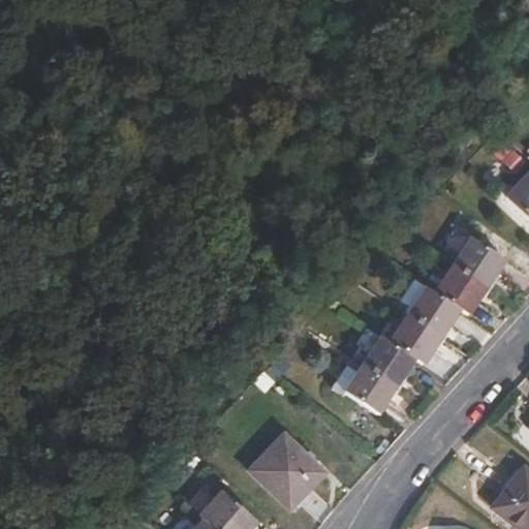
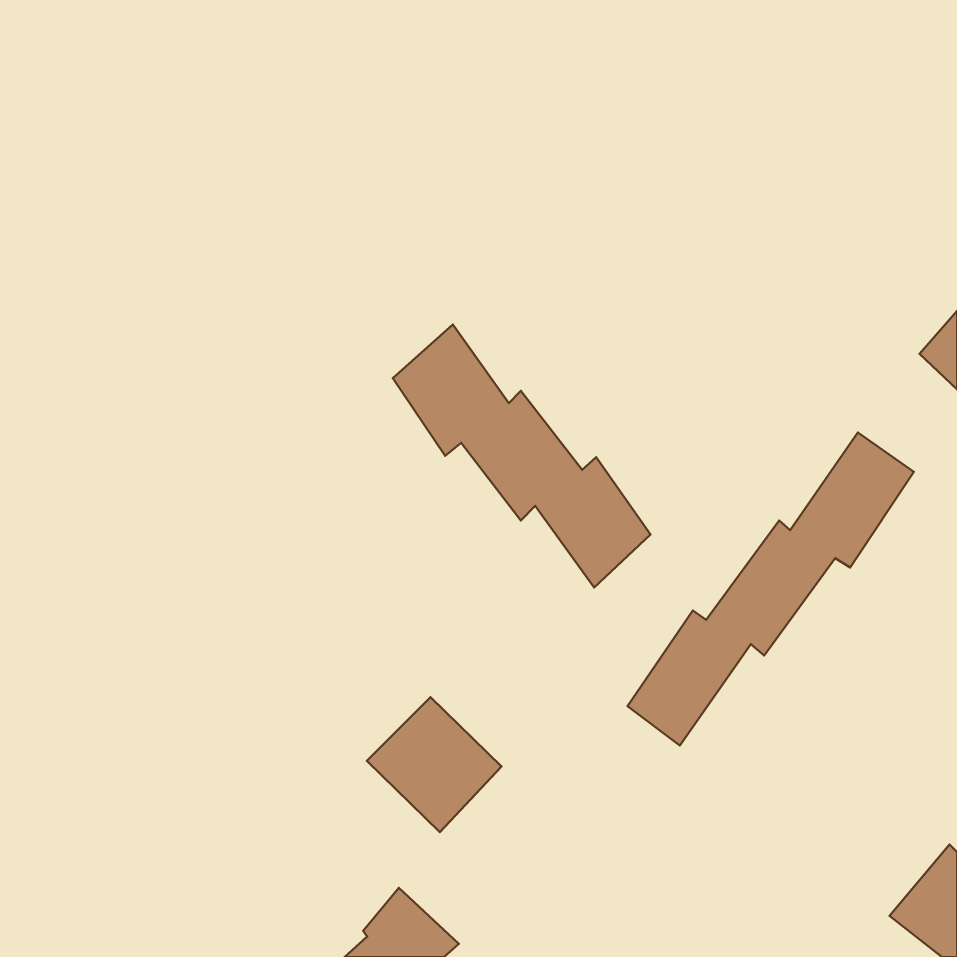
building: none -> [393,324,651,587]
building: [248,433,322,507] -> [367,697,502,832]

